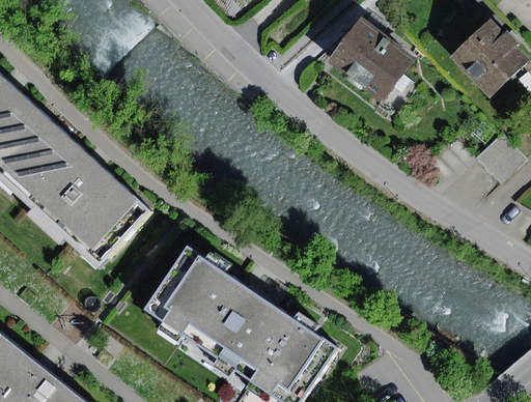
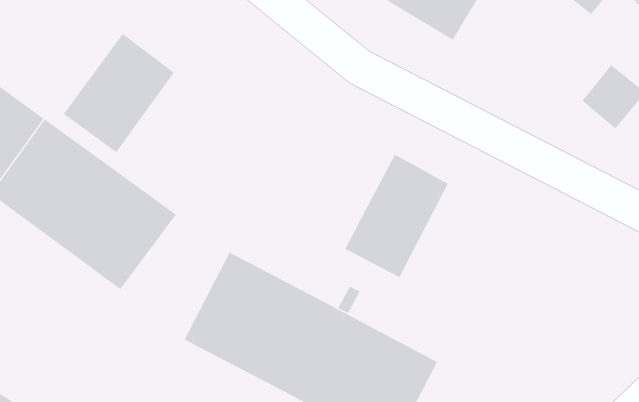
building: none -> [63,33,175,153]
building: none -> [344,154,449,278]

